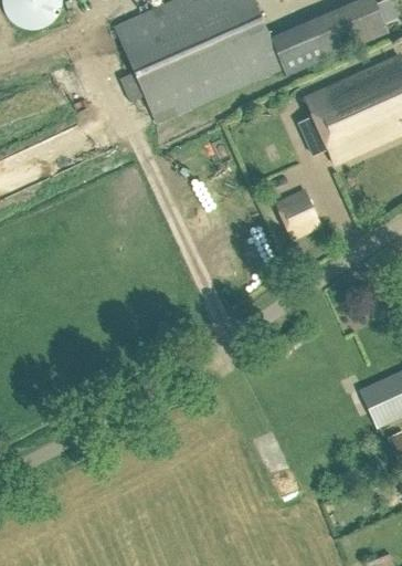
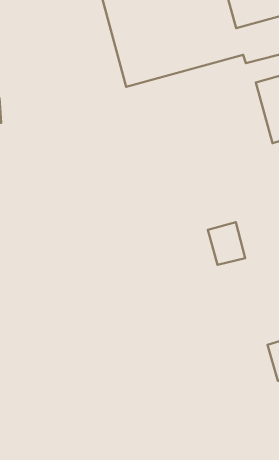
building: [276,188,322,239] -> [208,222,245,265]

